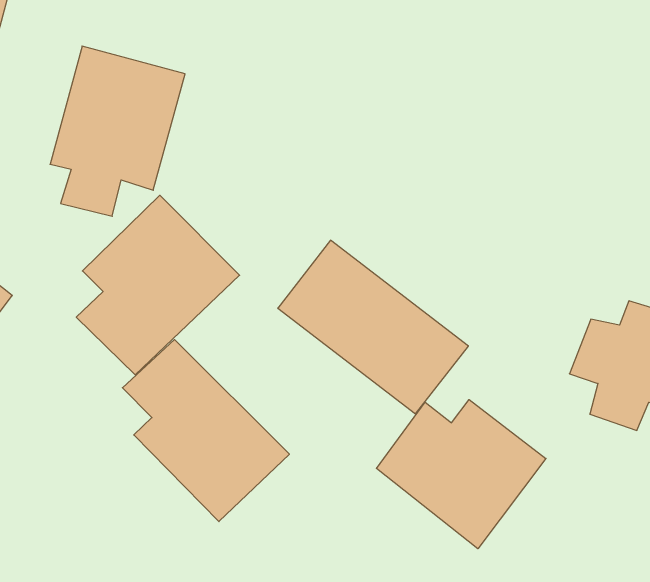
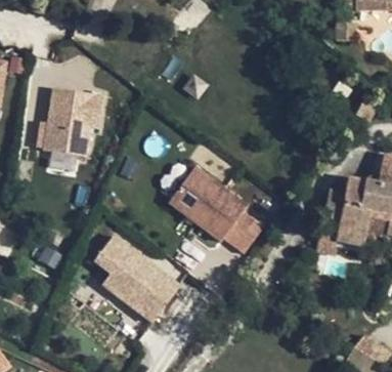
building: [76,195,240,375] -> none
building: [376,400,546,549] -> none

